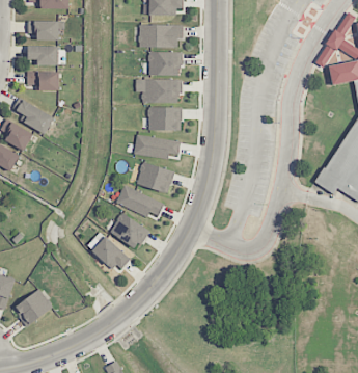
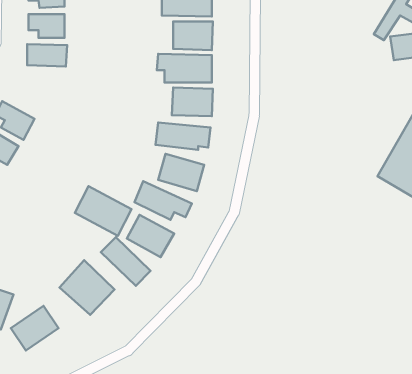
building: [12,99,54,133] -> none
building: none -> [75,186,132,236]
building: none -> [60,260,114,315]

